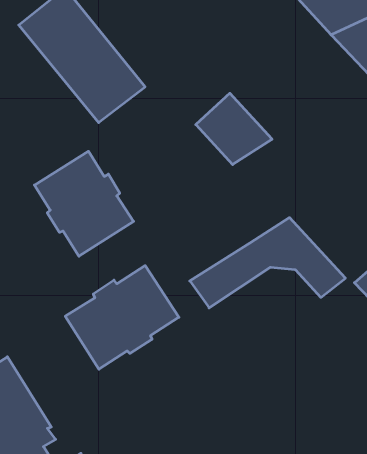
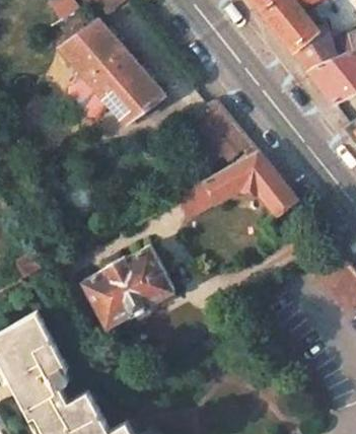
building: [34,151,134,256] -> none
building: [190,218,345,308] -> [172,151,296,219]

